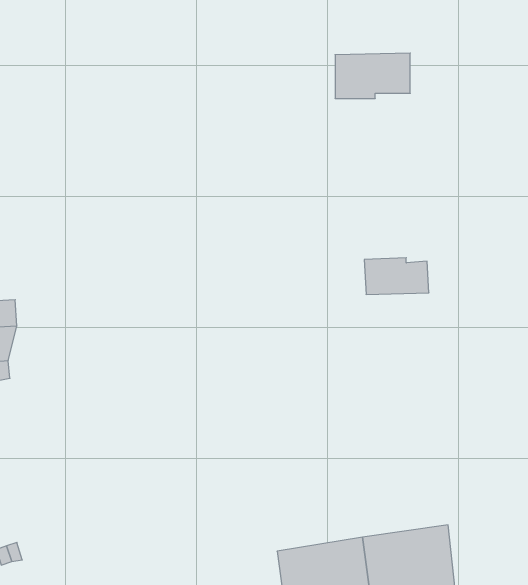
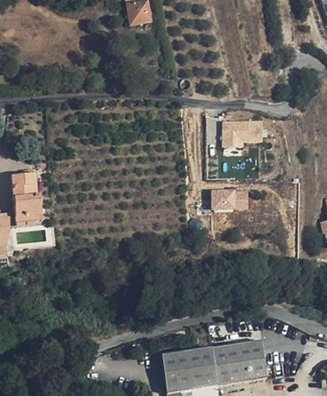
building: [335,53,410,98] -> [220,120,264,146]
building: none -> [12,170,42,221]

